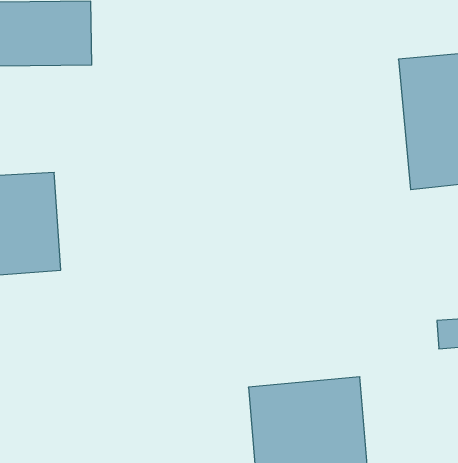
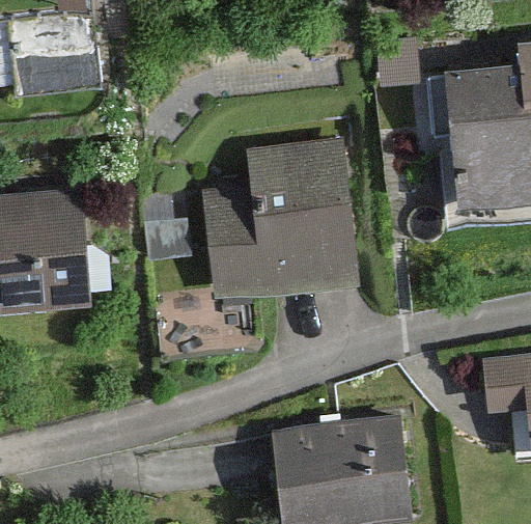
building: none -> [209,144,352,297]

